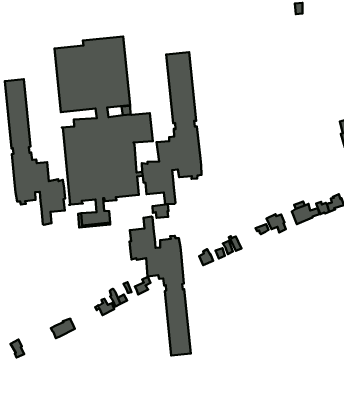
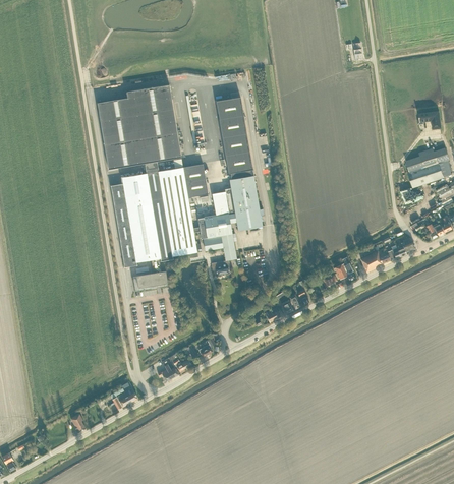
building: [5,79,65,225] -> none
building: [130,216,191,356] -> none

